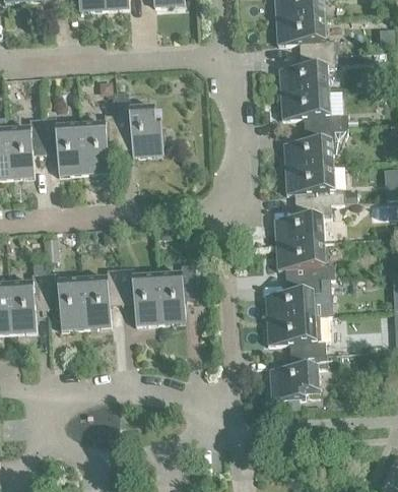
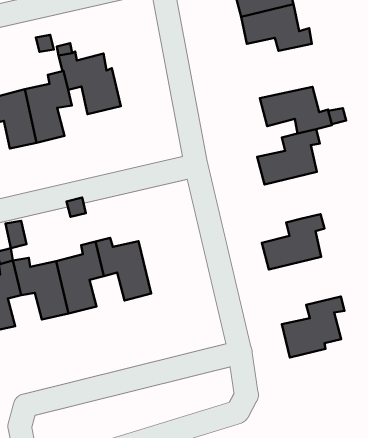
building: [284,127,347,168] -> none
building: [276,241,335,280] -> none
building: [157,263,197,322] -> none
building: [267,315,330,356] -> none

